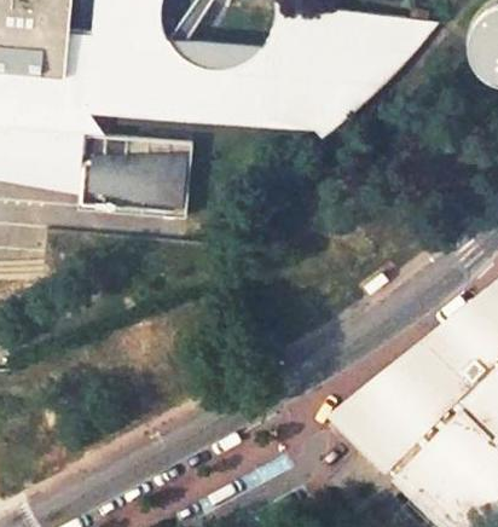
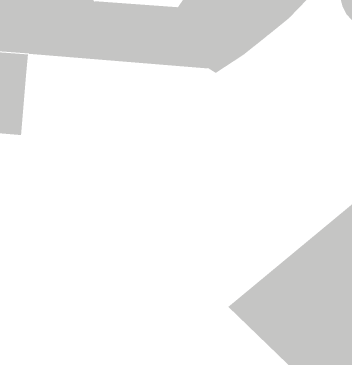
building: [77,133,192,218] -> none

